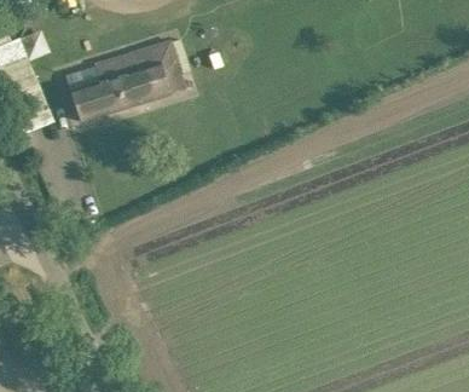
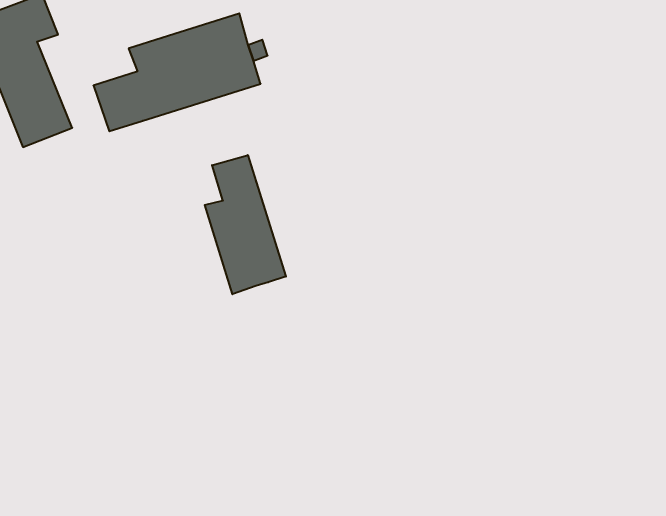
building: none -> [205,155,286,294]

